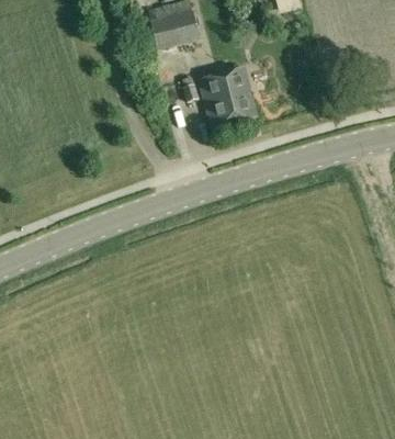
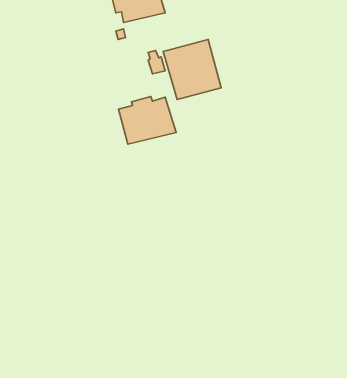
building: none -> [118,97,176,144]

